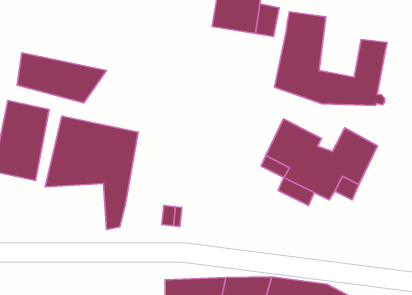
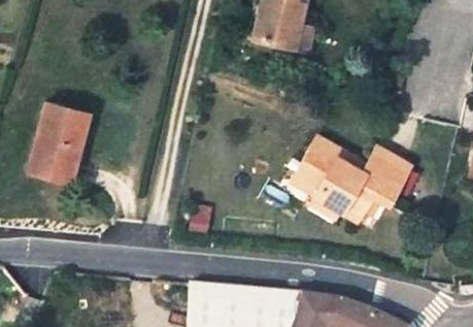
building: [274,12,387,105] -> none
building: [17,53,107,103] -> none
building: [45,116,138,230] -> none

